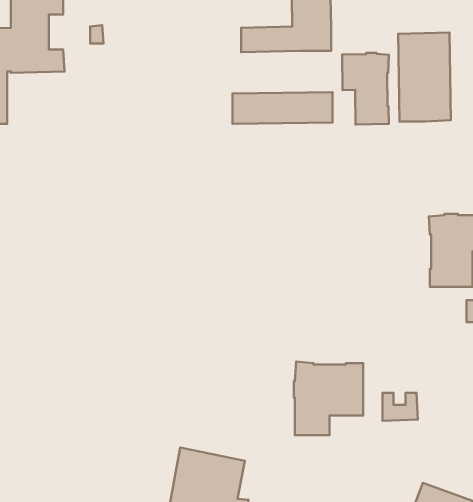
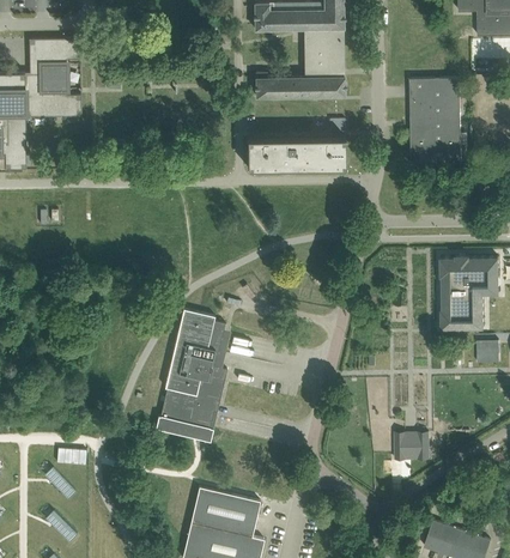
building: [342,53,389,124] -> none
building: none -> [154,308,229,441]
building: [294,362,363,435] -> none

